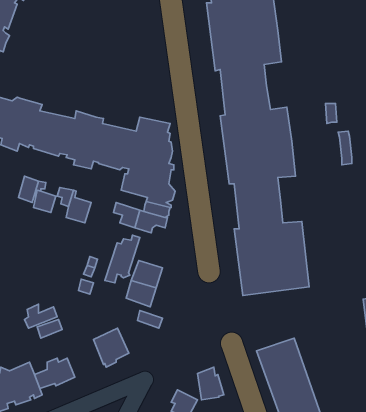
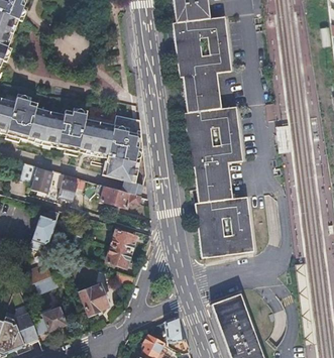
building: [105,235,140,283] -> [29,210,58,248]

